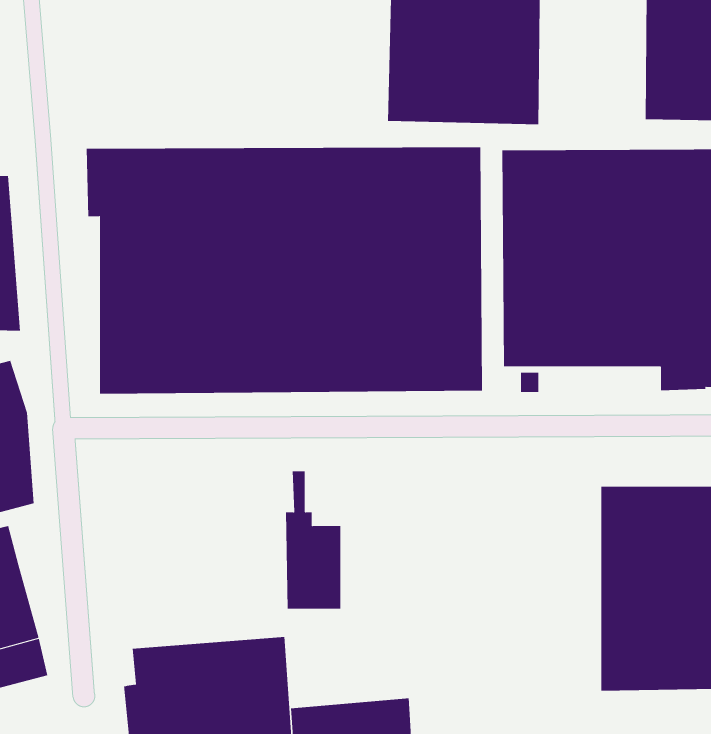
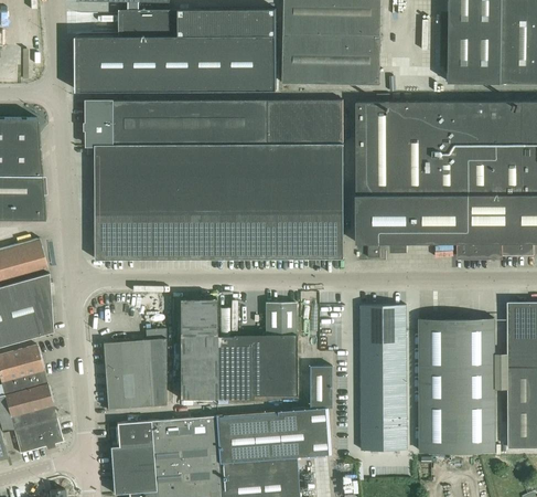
building: none -> [80,9,276,92]
building: none -> [179,299,217,399]
building: none -> [362,302,406,450]
building: none -> [253,303,296,395]
building: none -> [104,328,167,409]
building: none -> [216,366,332,463]

